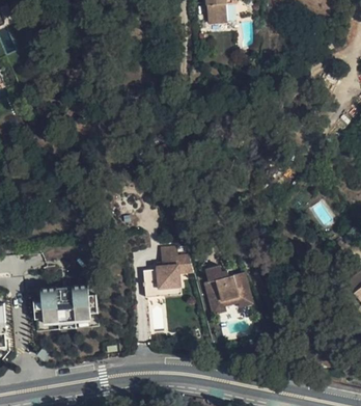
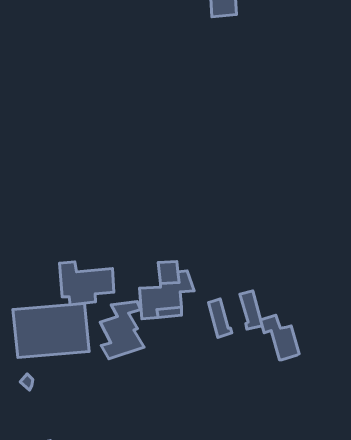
building: none -> [59,262,114,305]
building: [205,266,240,305] -> [261,315,299,360]
building: none -> [100,302,144,359]

